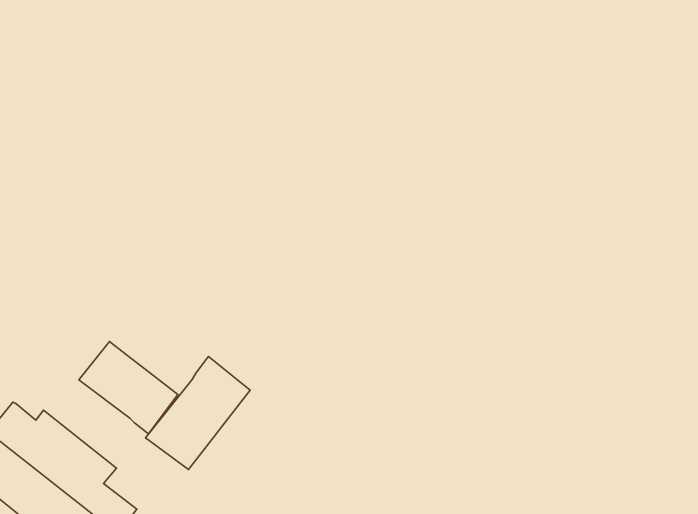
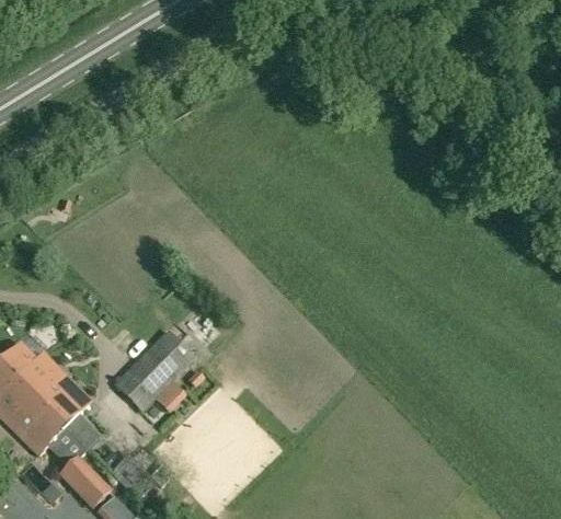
building: [79,342,178,434] -> none

